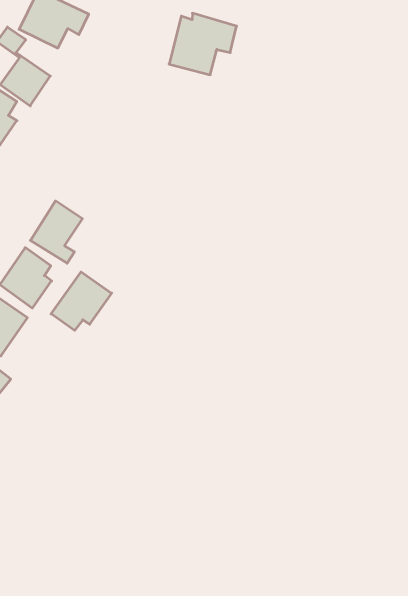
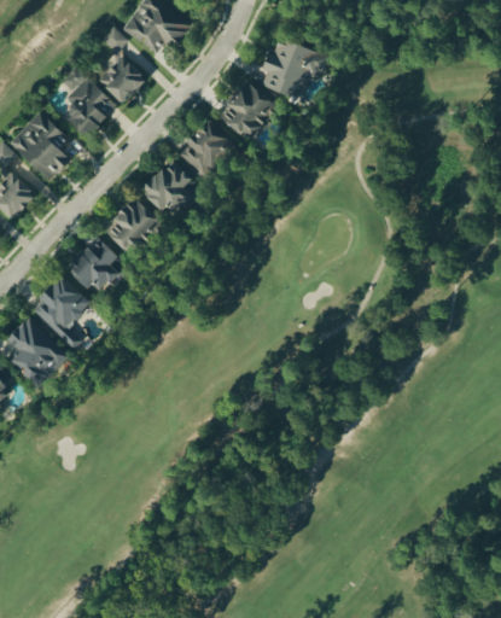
building: none -> [220,81,275,138]
building: none -> [179,121,232,175]
building: none -> [141,159,193,215]
building: [51,272,112,330] -> none

